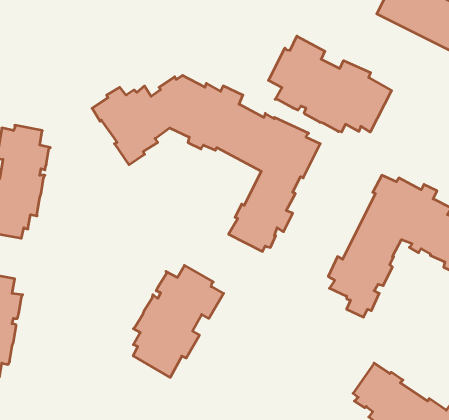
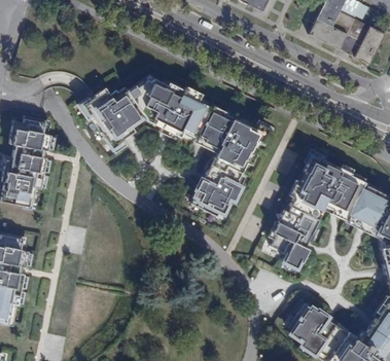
building: [268,36,392,132] -> none
building: [133,265,224,377] -> none

